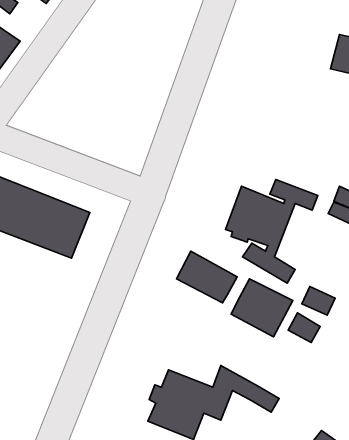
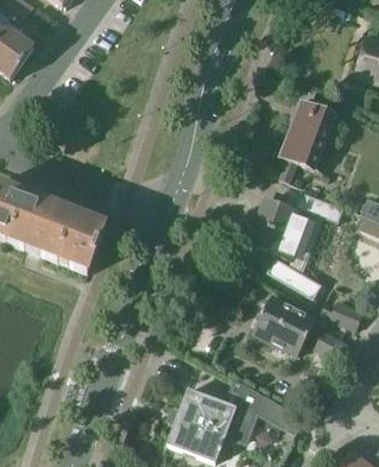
building: none -> [280,101,336,169]
building: [176,251,237,303] -> none

